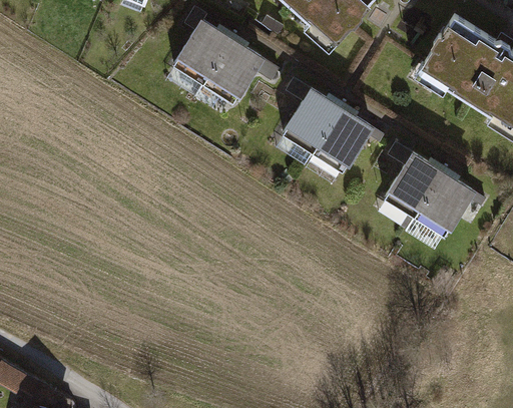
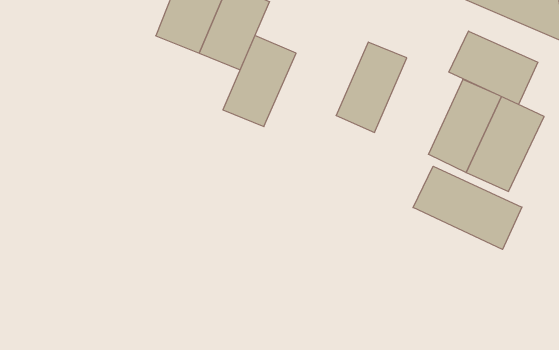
building: [278,85,346,162] -> [223,36,296,127]
building: none -> [449,31,538,104]
building: none -> [413,166,522,249]

